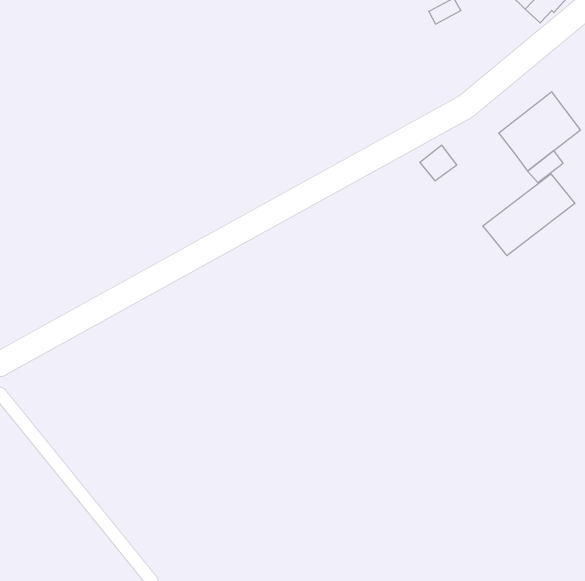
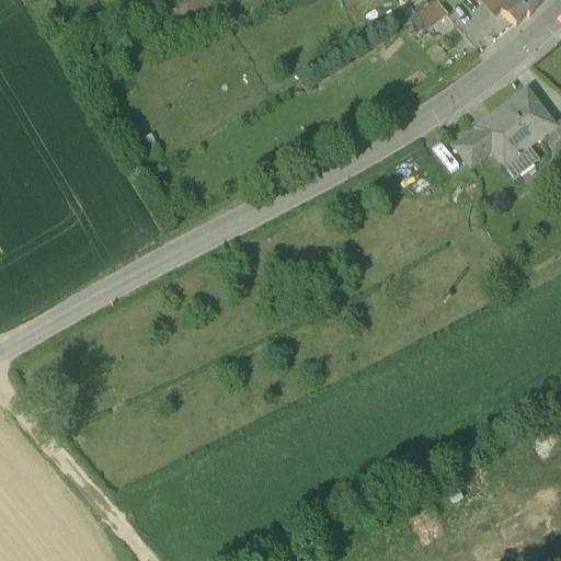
building: [420,145,457,181] -> [458,128,493,162]
building: [483,174,575,256] -> none

